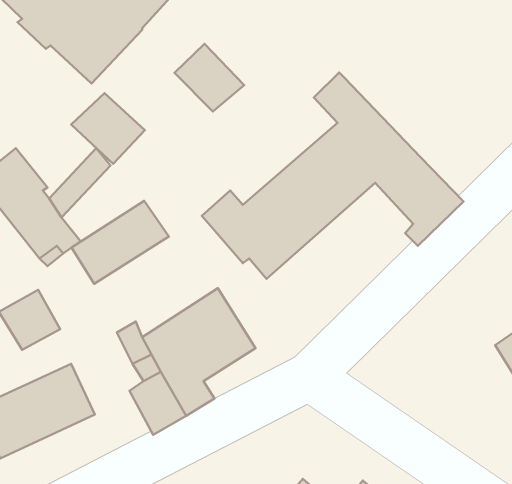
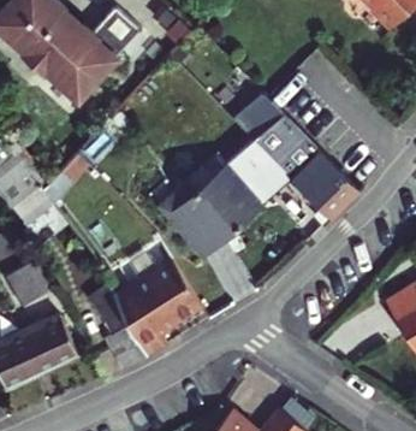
building: [174,44,244,112] -> none
building: [71,93,145,164] -> none
building: [72,201,169,284] -> none

